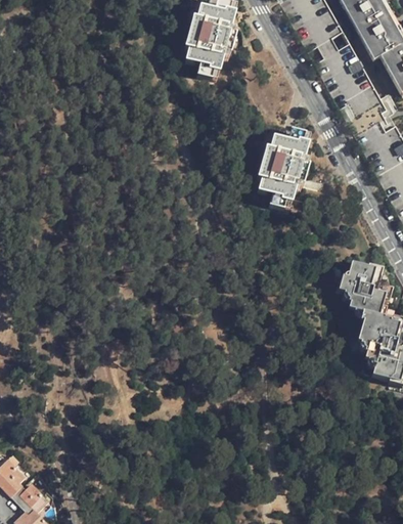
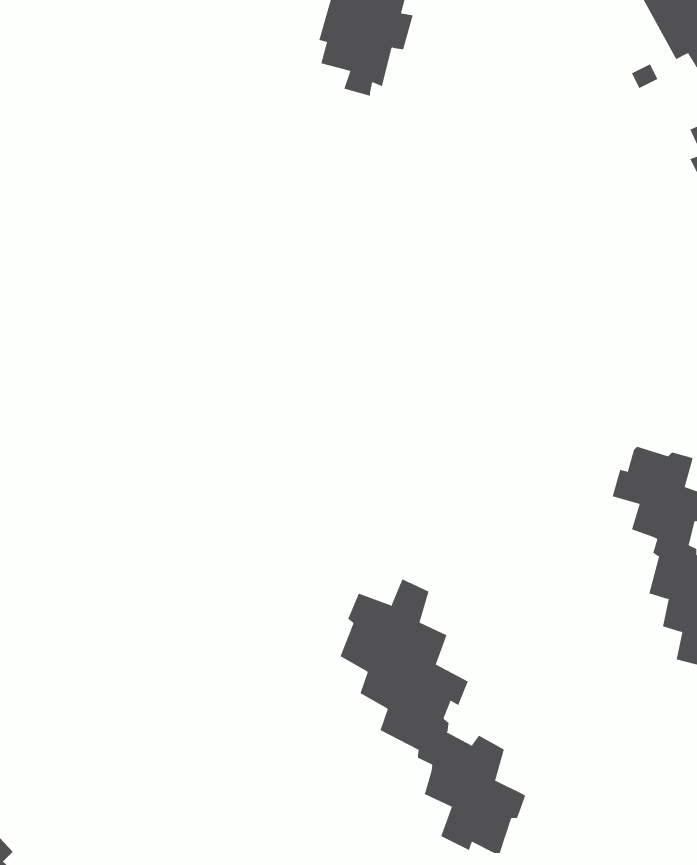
building: [258,130,308,207] -> none
building: none -> [340,579,526,854]

